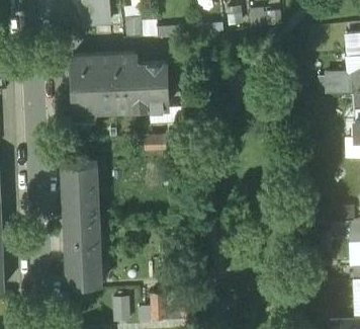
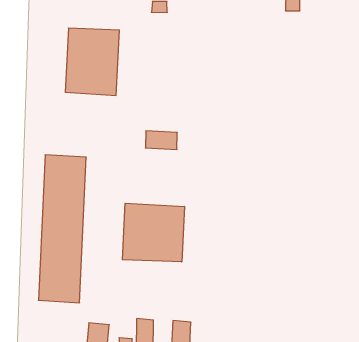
building: [114,53,167,108] -> none
building: none -> [122,203,184,262]

